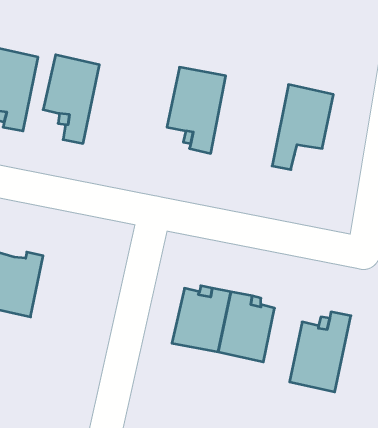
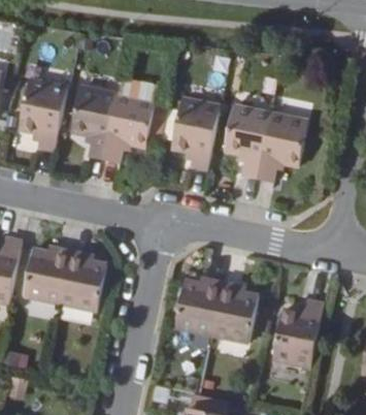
building: none -> [103,94,155,163]
building: none -> [226,103,272,178]
building: none -> [60,252,108,311]

